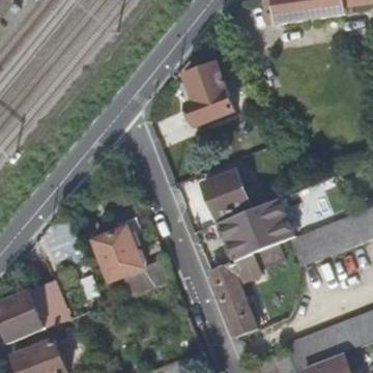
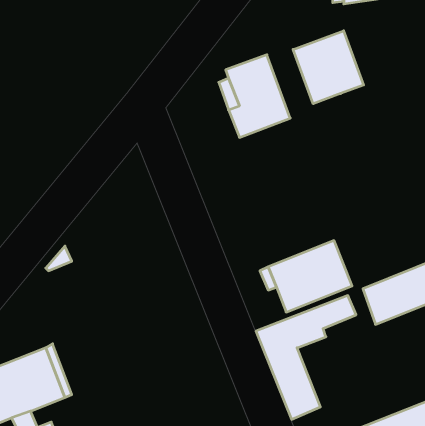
building: none -> [293,31,364,104]
building: [201,171,250,219] -> none
building: [93,227,173,296] -> none

